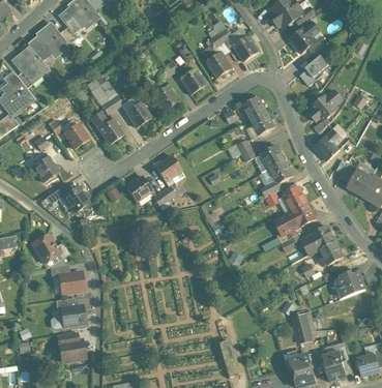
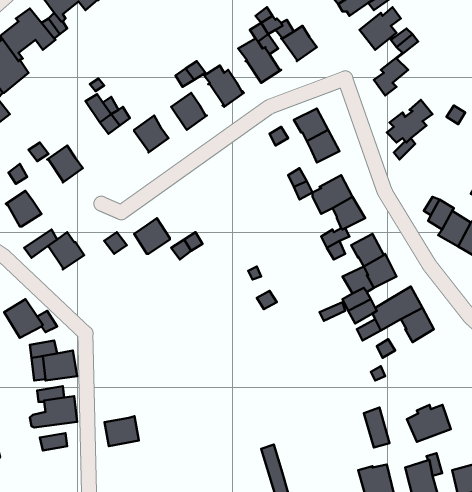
building: [90,112,123,144] -> none
building: [313,127,341,160] -> none
building: [154,155,183,182] -> none
building: [332,271,364,298] -> [407,405,451,442]
building: [59,339,84,361] -> [104,416,139,446]

